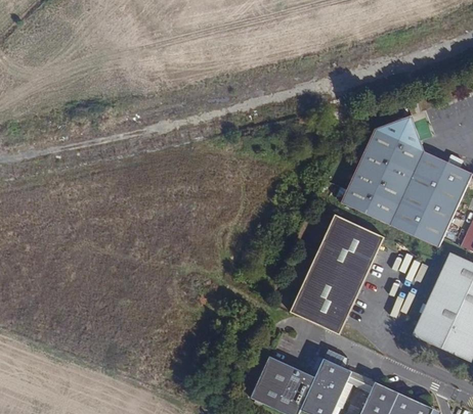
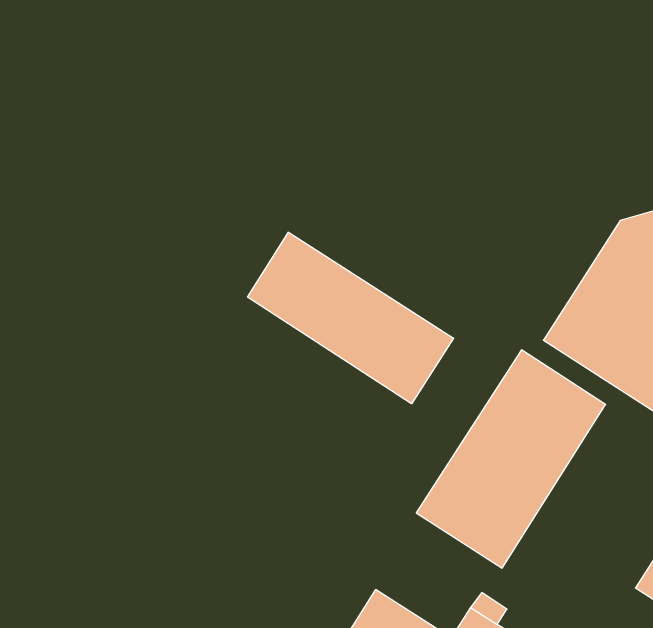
building: none -> [248,232,454,404]

